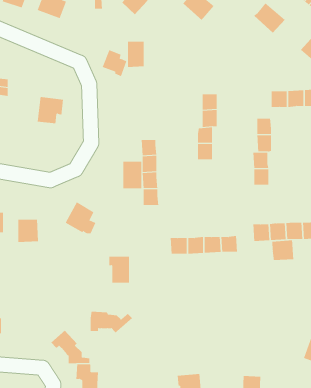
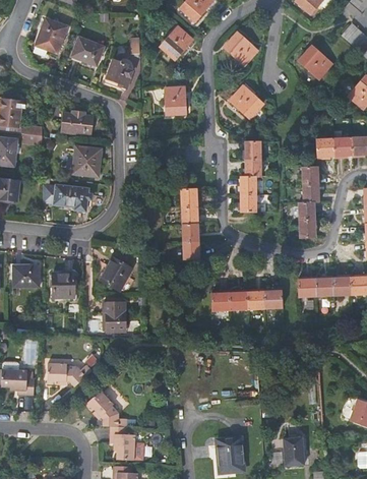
building: none -> [230,86,262,119]
building: [102,50,127,77] -> [107,58,133,86]
building: none -> [63,108,94,134]
building: none -> [43,183,93,212]
building: [123,161,142,189] -> none
building: [272,240,294,261] -> none
building: [109,256,130,283] -> [102,301,124,330]
building: [90,311,133,334] -> [48,362,93,385]

